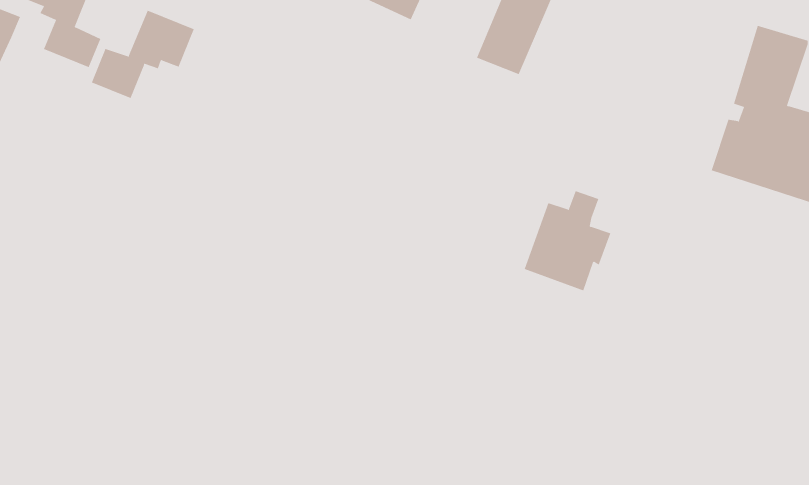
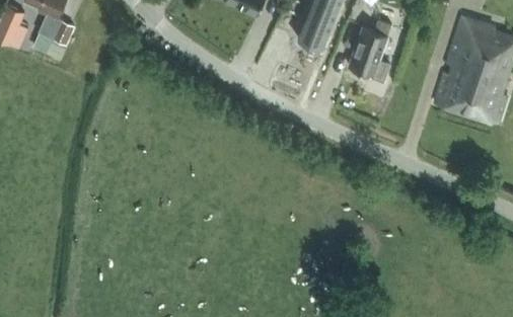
building: [91,10,194,99] -> none
building: [524,190,611,291] -> [349,19,400,79]

